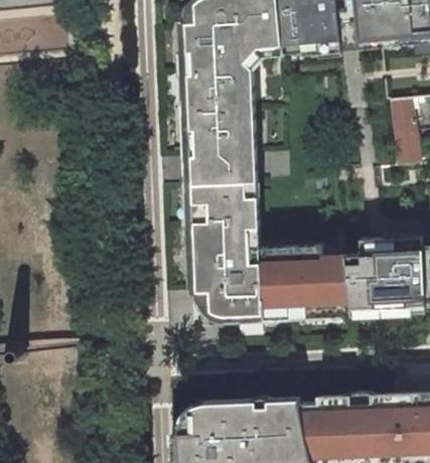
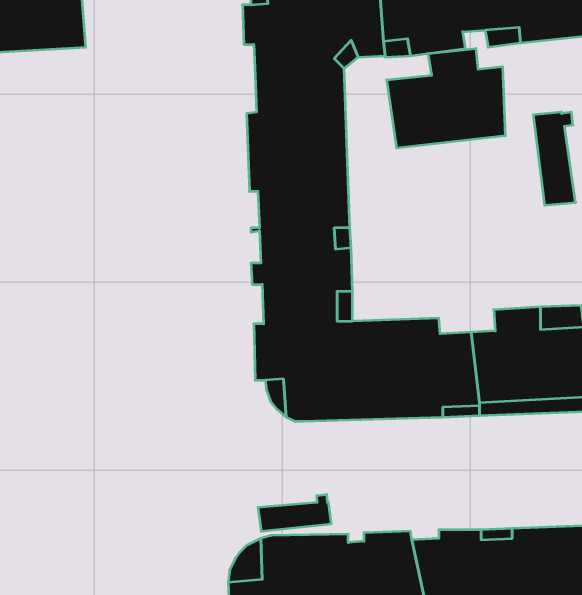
building: none -> [387,48,505,148]
building: none -> [258,494,331,531]

